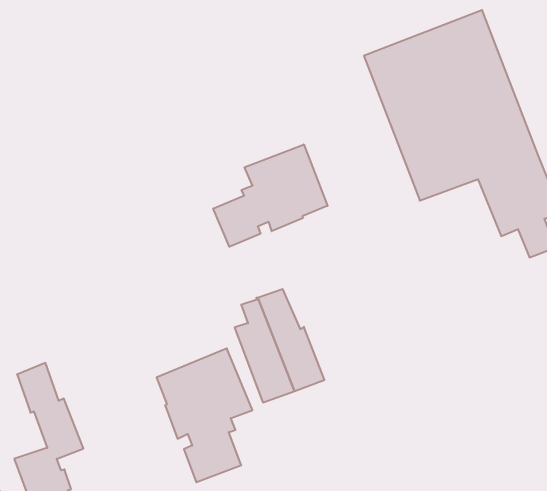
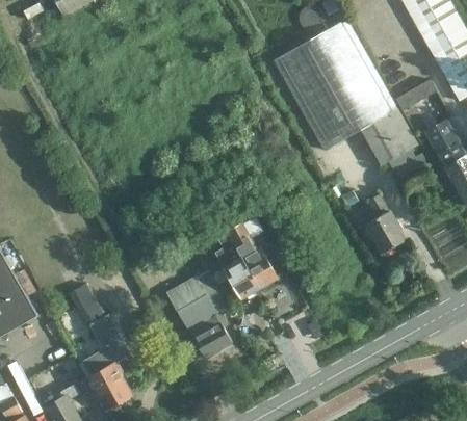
building: [213,144,328,247] -> none
building: none -> [366,193,407,254]

